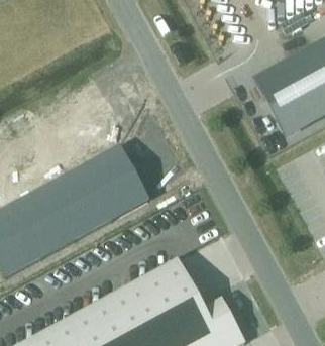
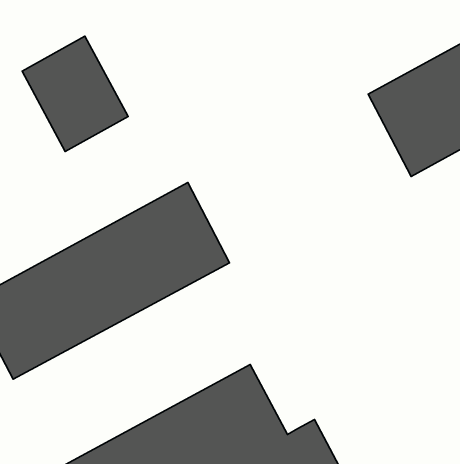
building: none -> [22,36,128,151]

